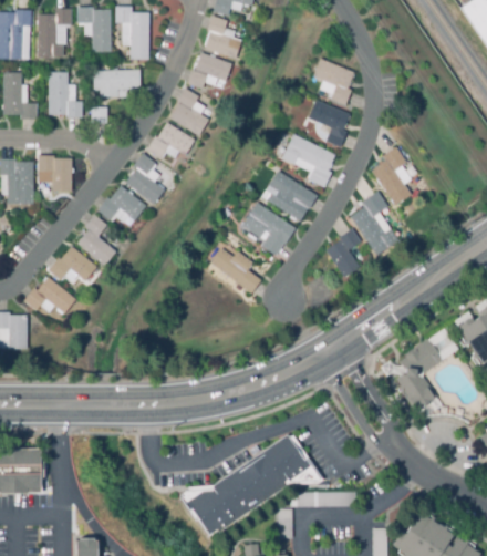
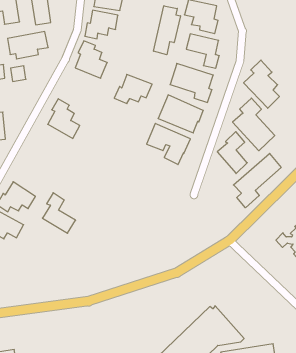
building: none -> [154,6,180,55]
building: [146,123,195,158] -> [114,74,152,104]
building: [97,186,146,224] -> none
building: [76,215,116,267] -> [42,193,76,233]
building: [210,249,261,294] -> none
building: none -> [233,153,281,208]

